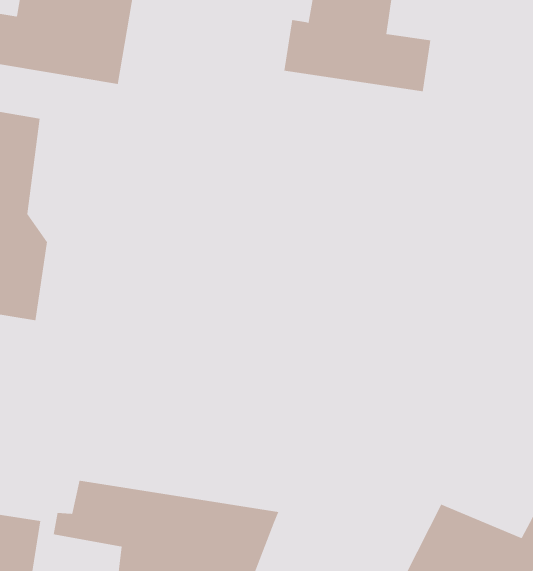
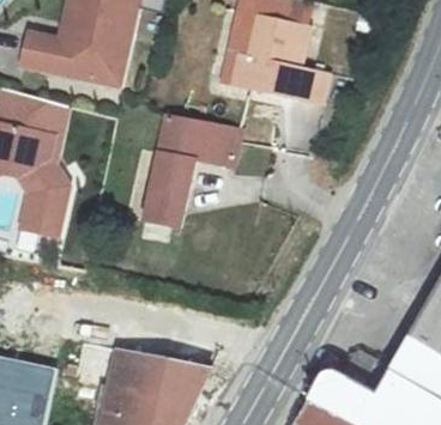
building: none -> [144,115,241,227]

